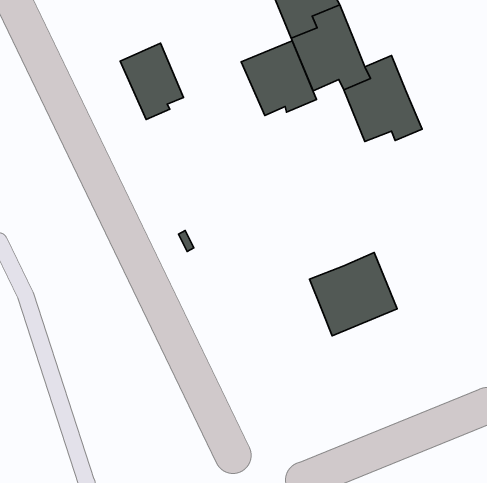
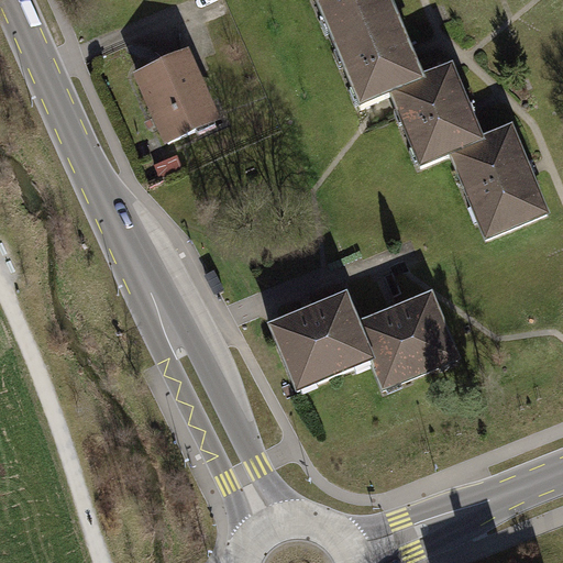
building: [241,41,317,116] -> none
building: none -> [455,123,547,234]
building: none -> [271,292,371,387]

